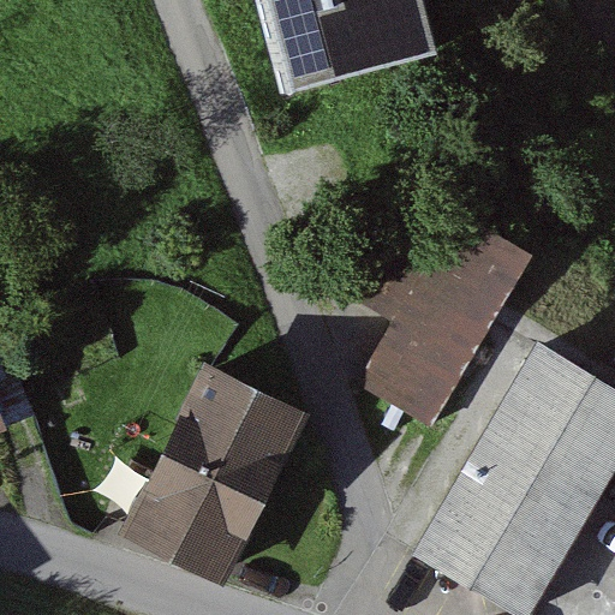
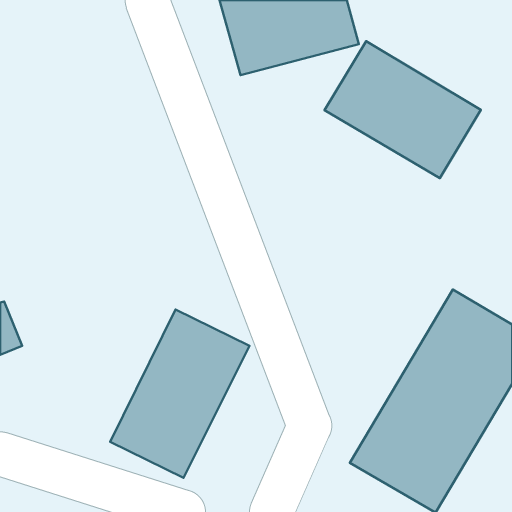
building: none -> [325,41,481,178]
building: [334,217,524,425] -> none

